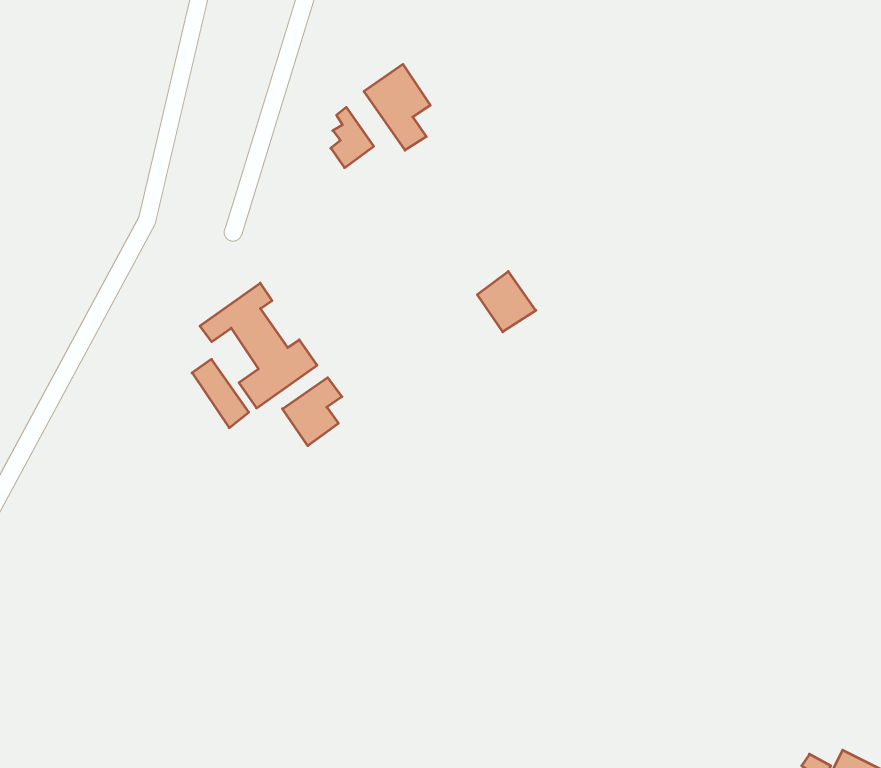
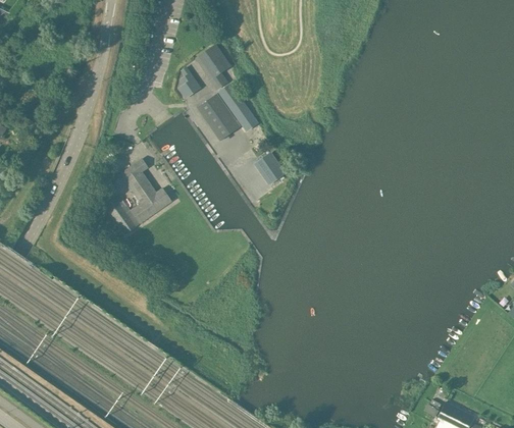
building: none -> [197,85,258,142]
building: [282,378,342,446] -> none

